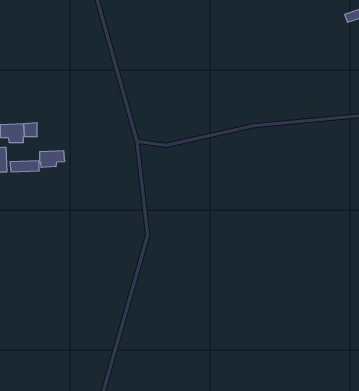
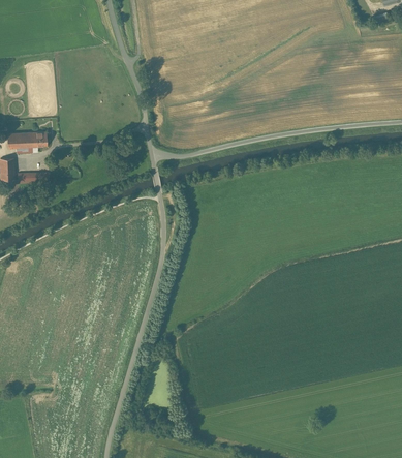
building: [40,151,64,168] -> none

